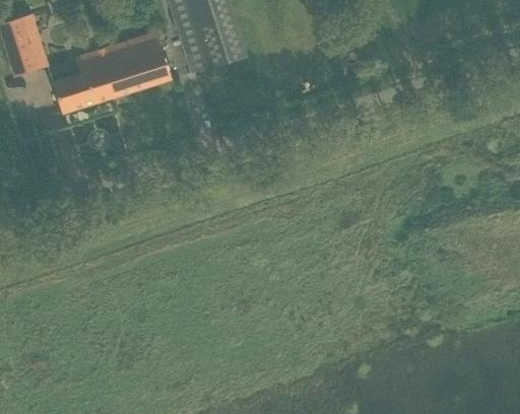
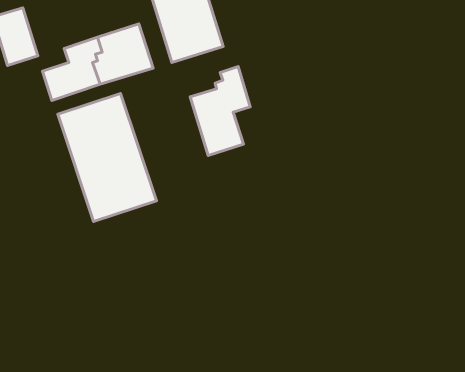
building: none -> [190,66,250,155]
building: none -> [58,94,156,221]

